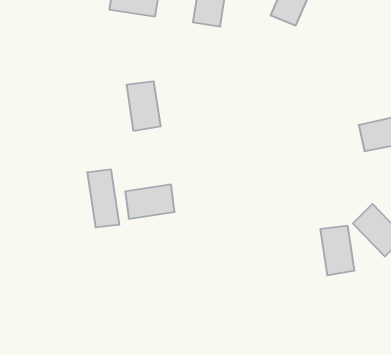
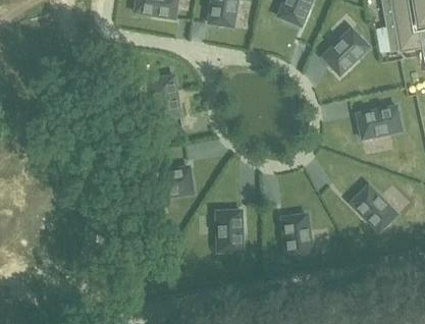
building: none -> [323,29,369,74]
building: [87,169,119,228] -> none
building: [320,226,355,275] -> [282,214,313,258]
building: none -> [217,210,243,252]

